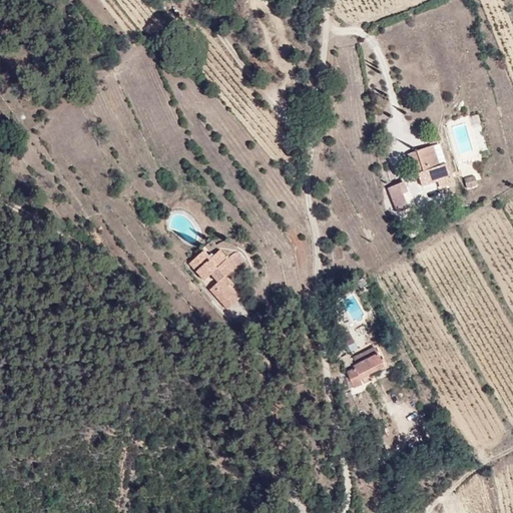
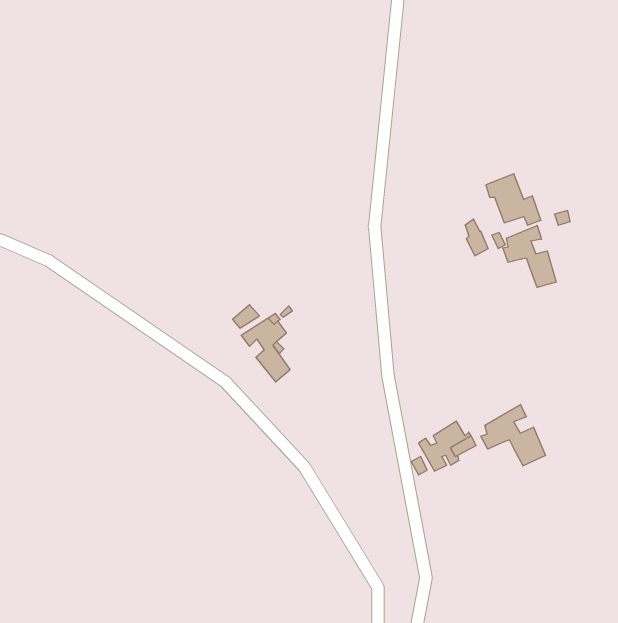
building: none -> [503,225,556,287]
building: none -> [481,404,546,466]

